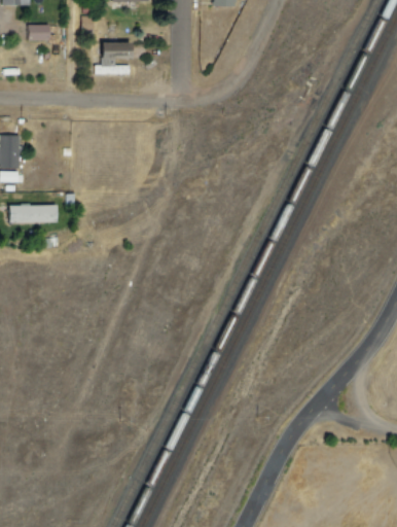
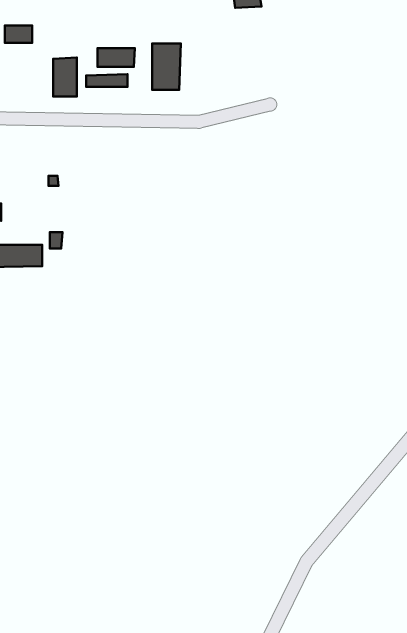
building: none -> [152,44,181,90]
building: none -> [53,58,77,97]

